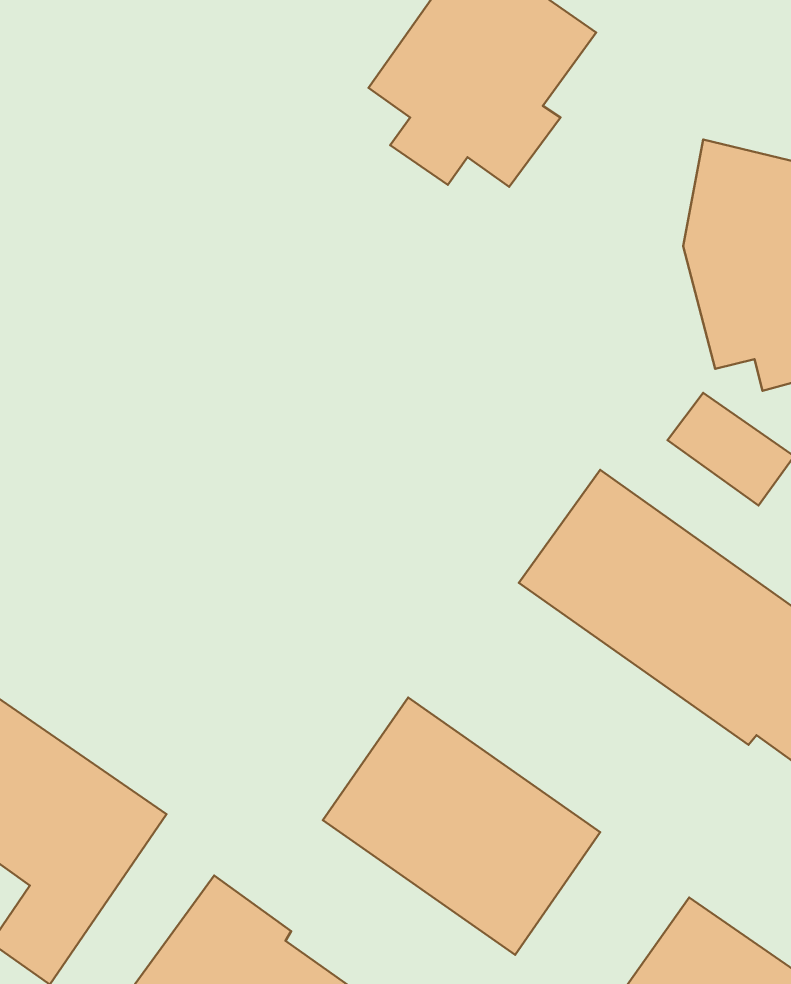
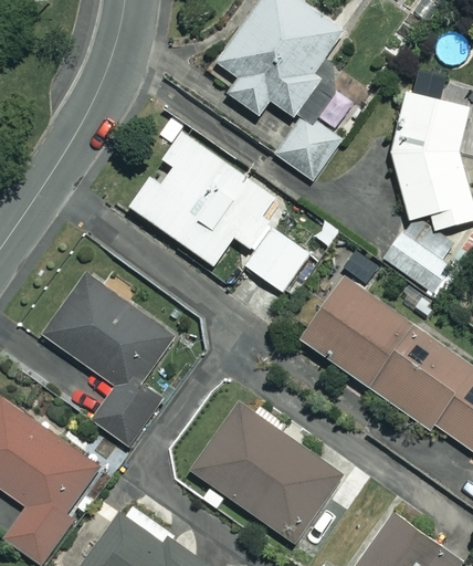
building: none -> [273,108,345,181]
building: none -> [129,132,309,292]
building: none -> [44,274,176,448]

